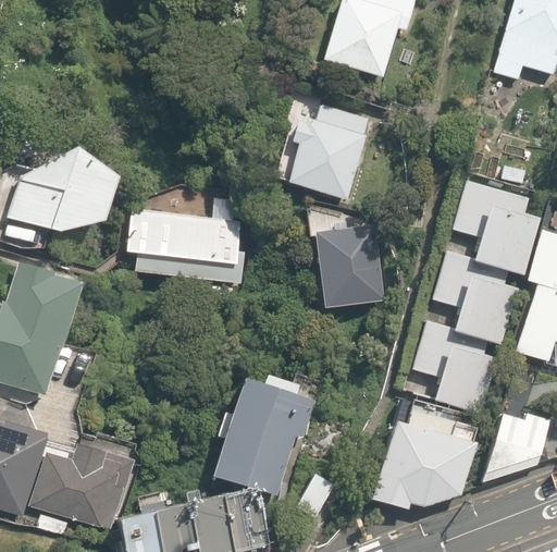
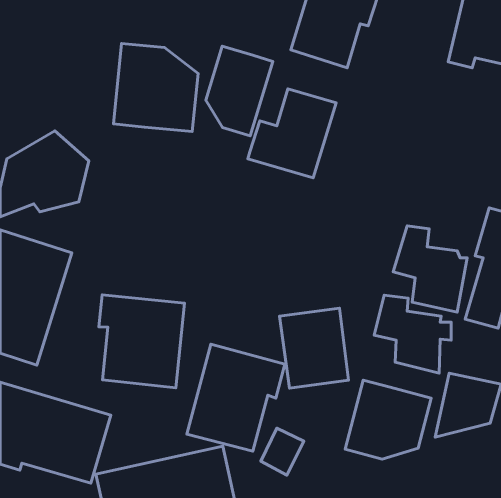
building: none -> [113,44,198,132]
building: none -> [206,46,273,136]
building: [451,179,540,277] -> none
building: [119,207,245,283] -> none
building: [311,222,386,309] -> [279,308,348,388]
building: none -> [99,295,184,388]

